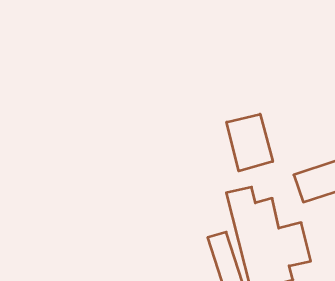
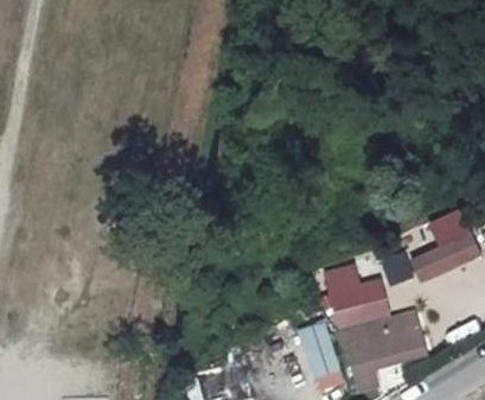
building: [227,114,273,171] -> none

